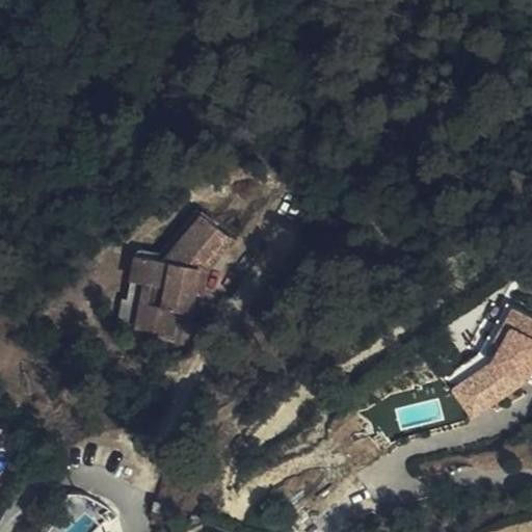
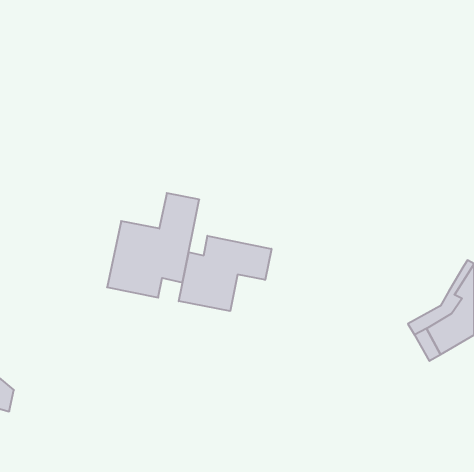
building: none -> [179,236,271,311]

